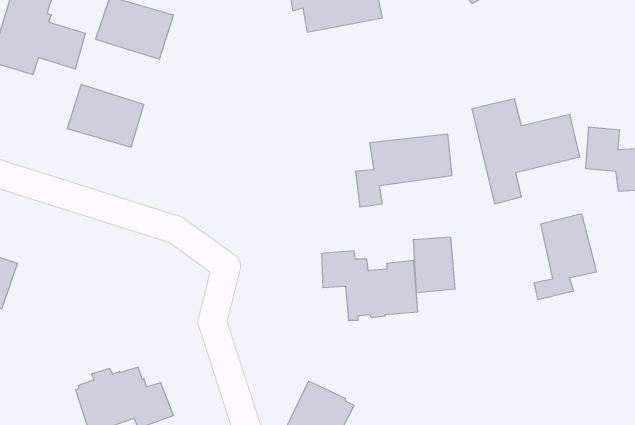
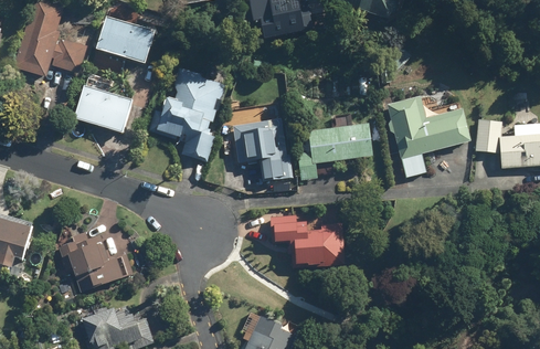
building: none -> [157,66,225,159]
building: none -> [233,117,289,181]
building: [534,214,596,300] -> none
building: [413,237,455,293] -> none
building: none -> [62,232,134,293]

